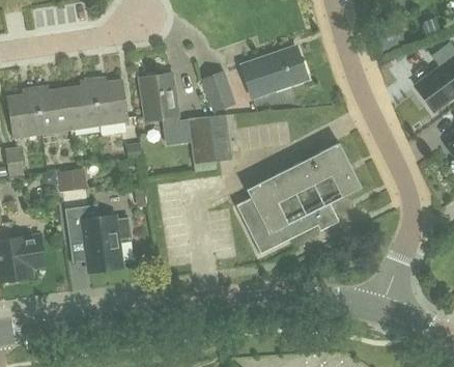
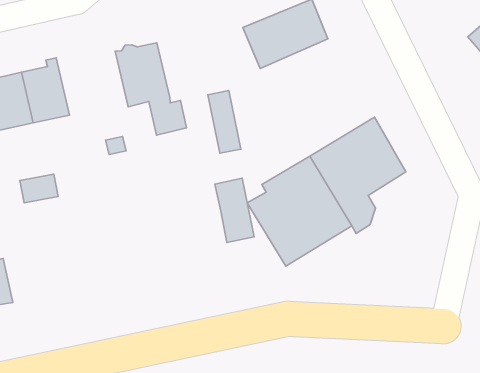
building: [203,72,235,110] -> none
building: [92,78,129,124] -> none
building: [188,116,216,166] -> [215,178,254,243]
building: [65,204,131,269] -> none

